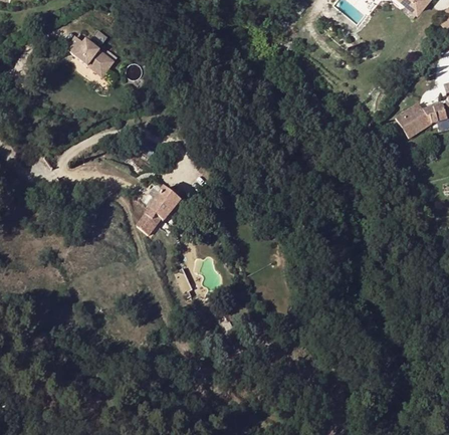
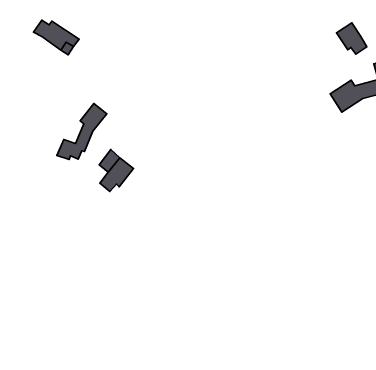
building: none -> [337,23,367,54]
building: none -> [57,104,107,160]

